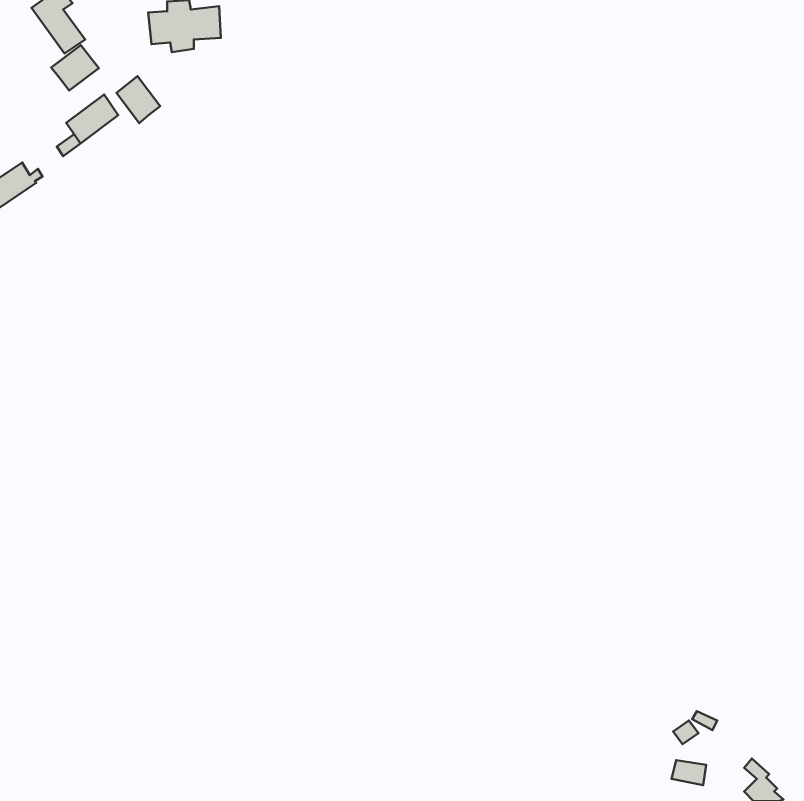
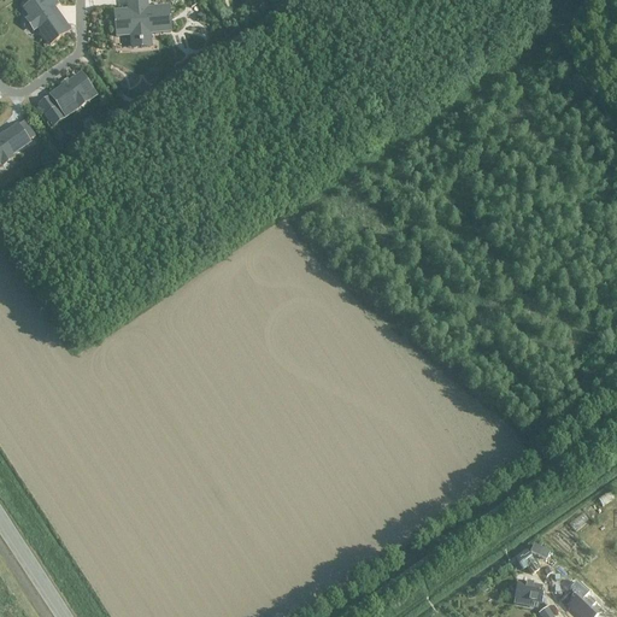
building: [51,45,99,90] -> none
building: [117,76,160,123] -> none

